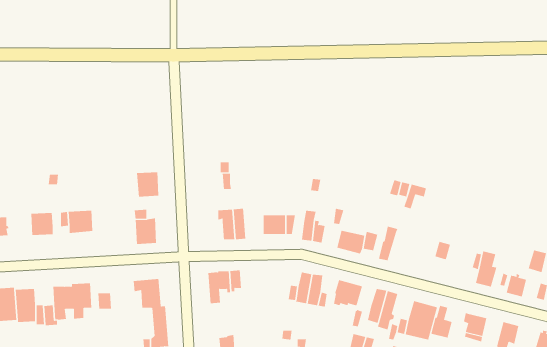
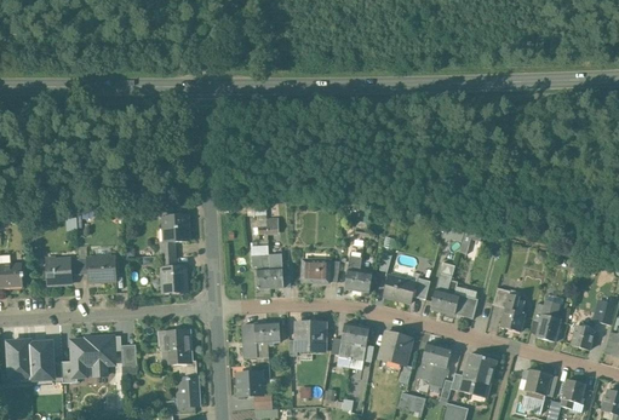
building: none -> [441,280,477,320]
building: none -> [297,322,325,350]
building: [431,305,453,338] -> [499,297,523,333]
building: none -> [237,372,263,396]

